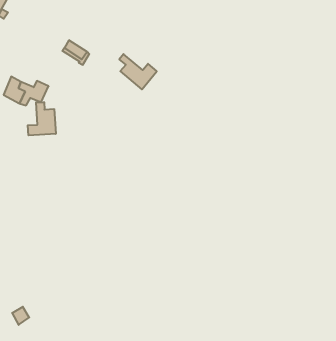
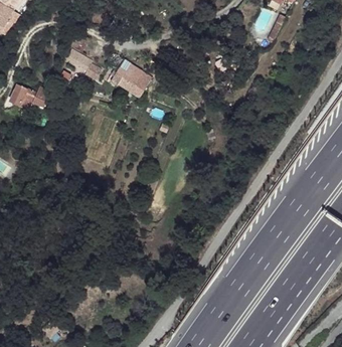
building: [28,102,56,135] -> none

